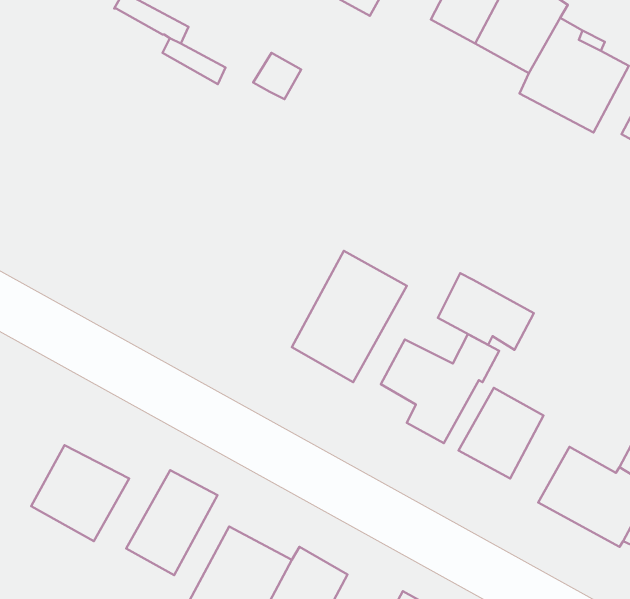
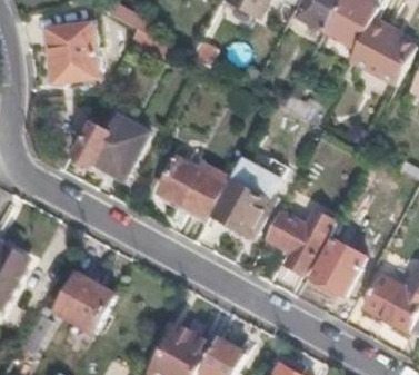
building: none -> [48,27,97,89]
building: none -> [71,115,147,178]
building: none -> [157,152,228,223]
building: [438,273,534,350] -> none
building: [126,470,217,575] -> none

